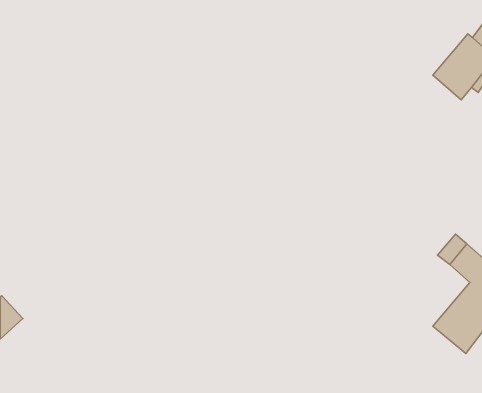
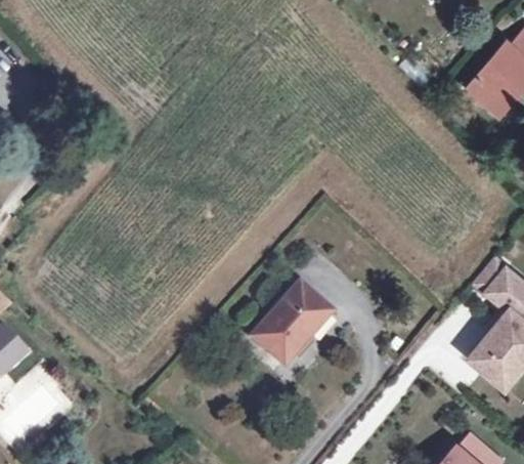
building: none -> [252,283,331,363]

